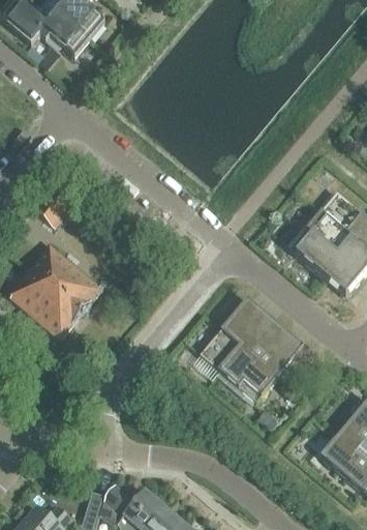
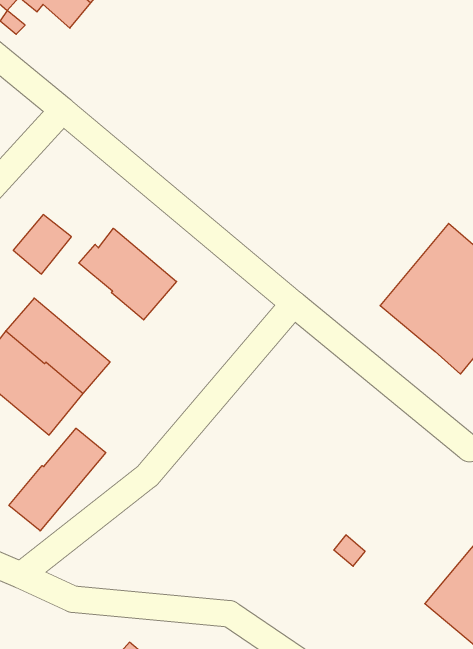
building: none -> [79,228,177,320]
building: [198,298,303,402] -> none
building: none -> [9,428,106,531]

